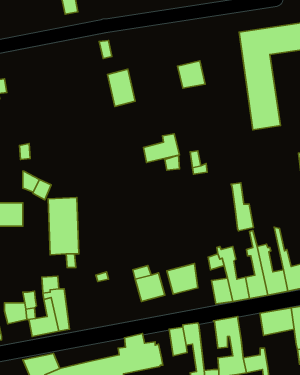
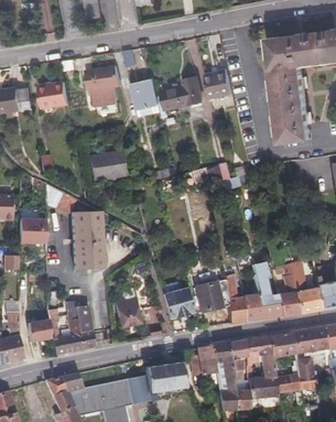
building: none -> [84,65,119,107]
building: none -> [41,82,69,107]
building: [143,134,179,162] -> [165,78,203,108]
building: none -> [91,154,127,182]
building: [231,183,253,231] -> [223,275,246,325]
building: none -> [115,299,140,327]
building: none -> [269,333,295,359]
building: none -> [228,340,247,391]
building: none -> [295,359,316,389]

